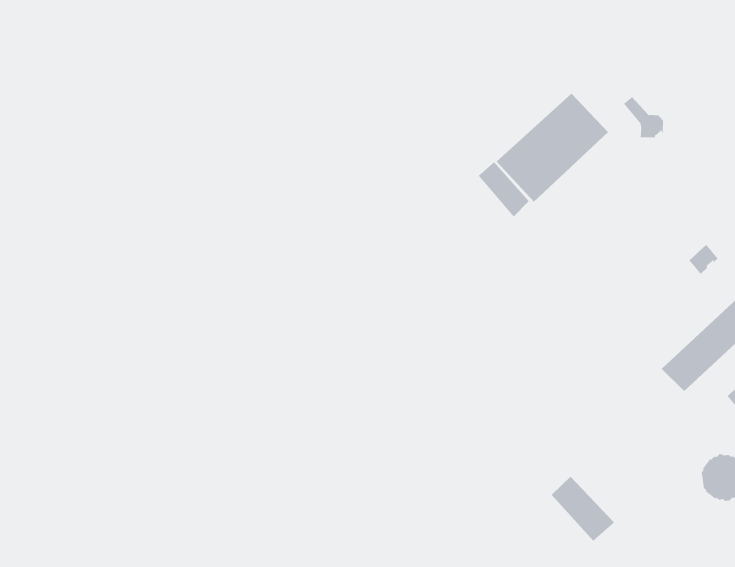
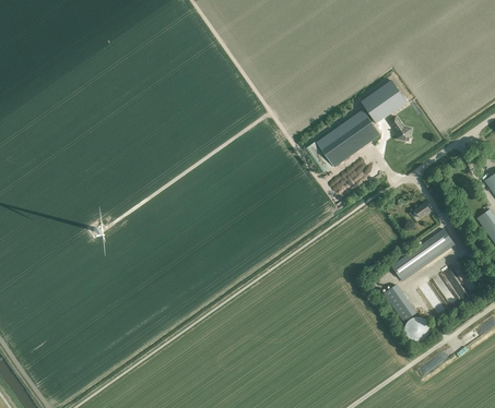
building: none -> [362,81,406,123]
building: [551,476,615,541] -> [384,285,416,322]

